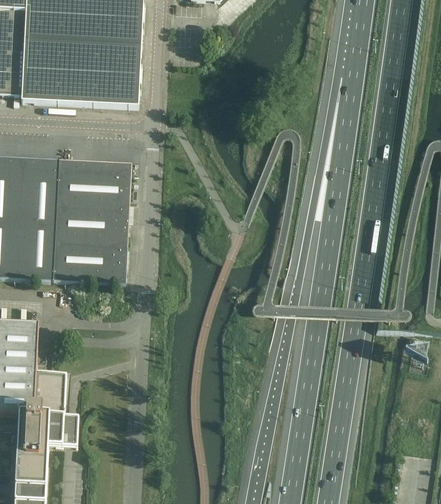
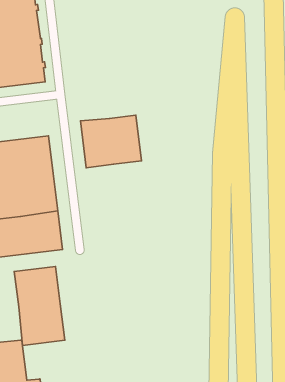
building: none -> [80,115,142,168]
building: none -> [14,266,65,345]

